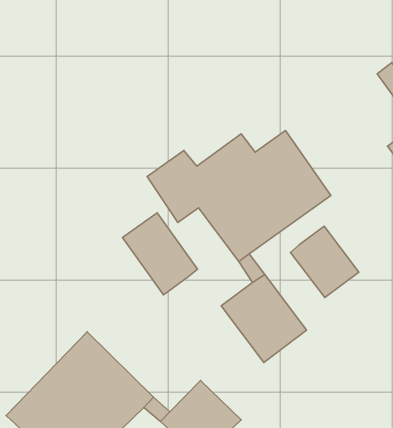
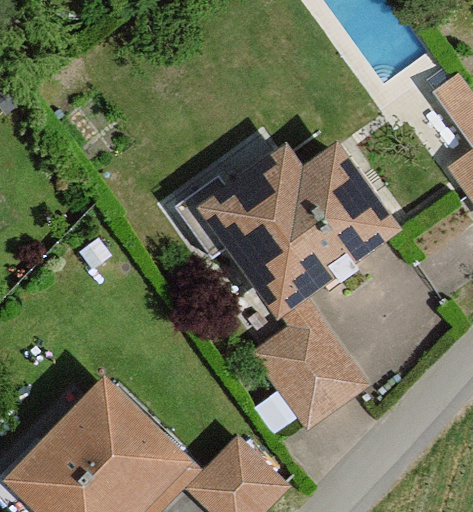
building: [123,213,197,295] -> none
building: [291,226,359,298] -> none

